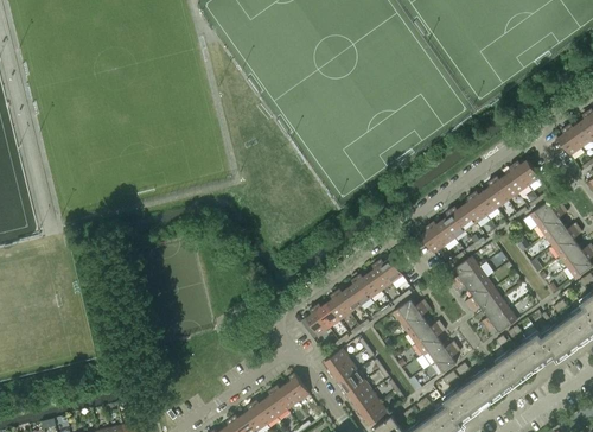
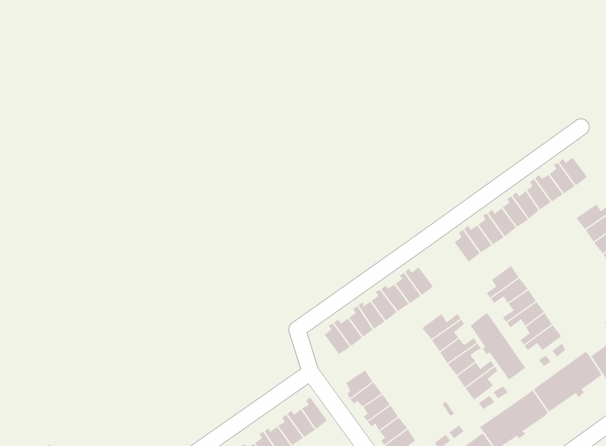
building: none -> [470,312,526,381]

